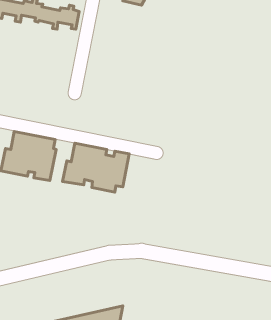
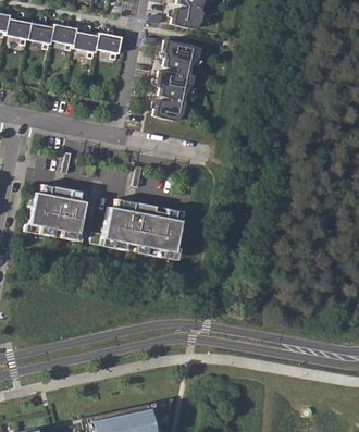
building: none -> [156,40,200,121]

